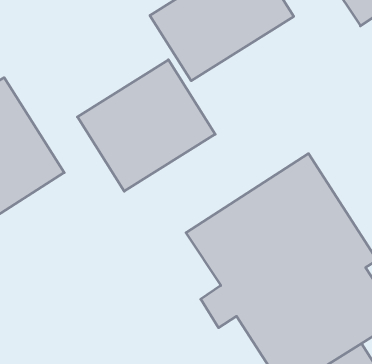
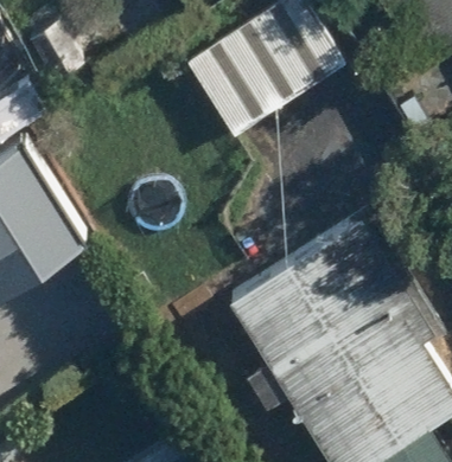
building: [77,60,215,191] -> none

